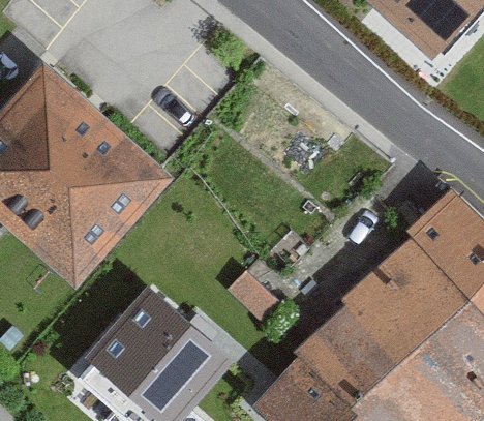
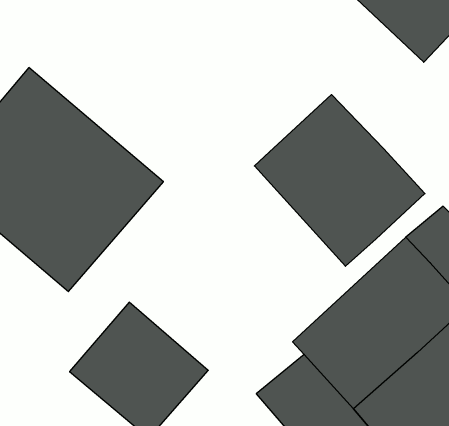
building: none -> [254,95,425,266]

